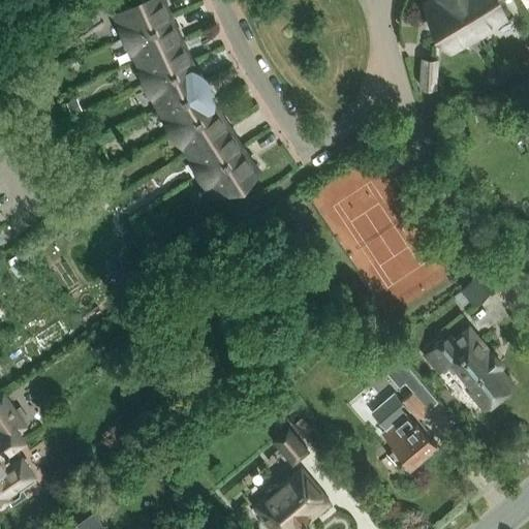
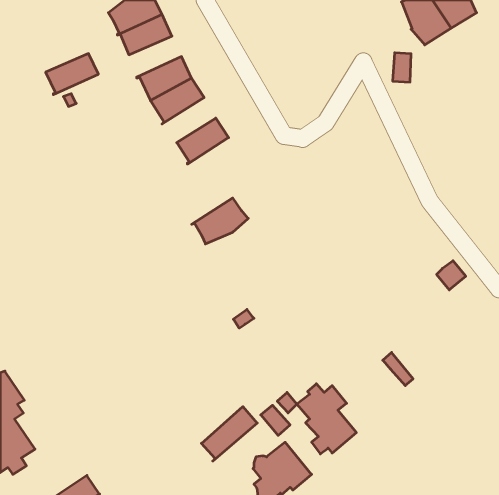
building: [136,42,192,86] -> [46,54,98,95]
building: [172,107,228,155] -> none
building: [198,150,258,198] -> [192,198,248,244]
building: [426,331,510,407] -> none
building: [373,395,436,469] -> [297,384,356,454]
building: none -> [201,407,257,461]

